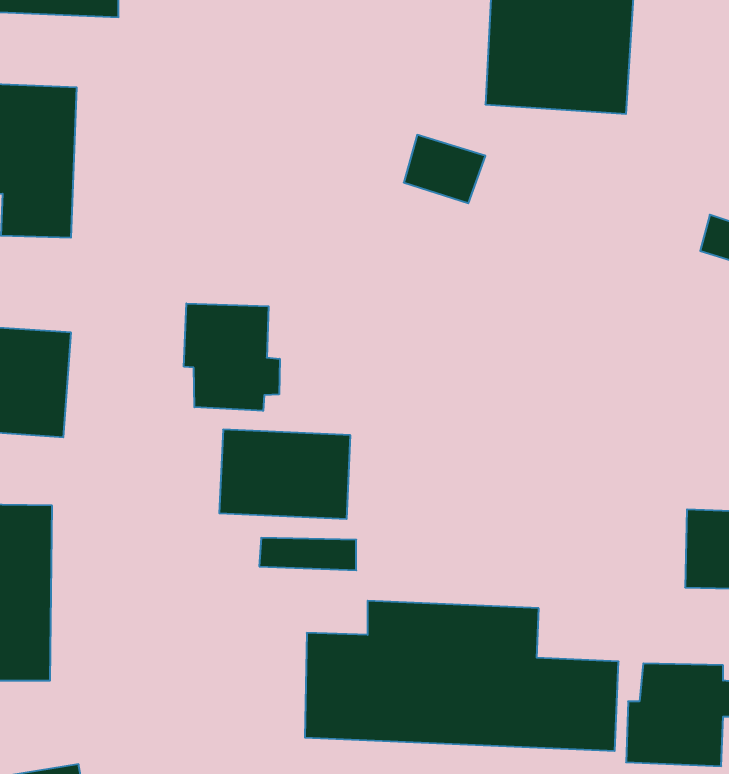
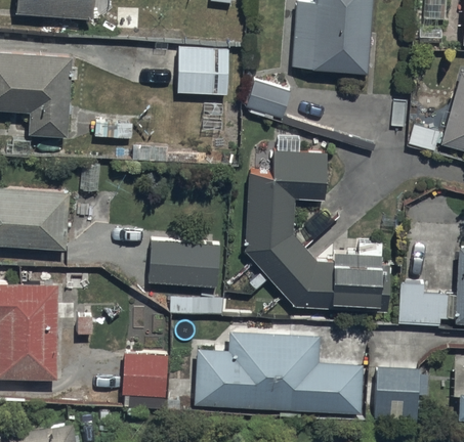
building: none -> [177,47,228,96]
building: none -> [246,151,389,311]
building: [184,303,280,411] -> none
building: none -> [123,351,169,401]

